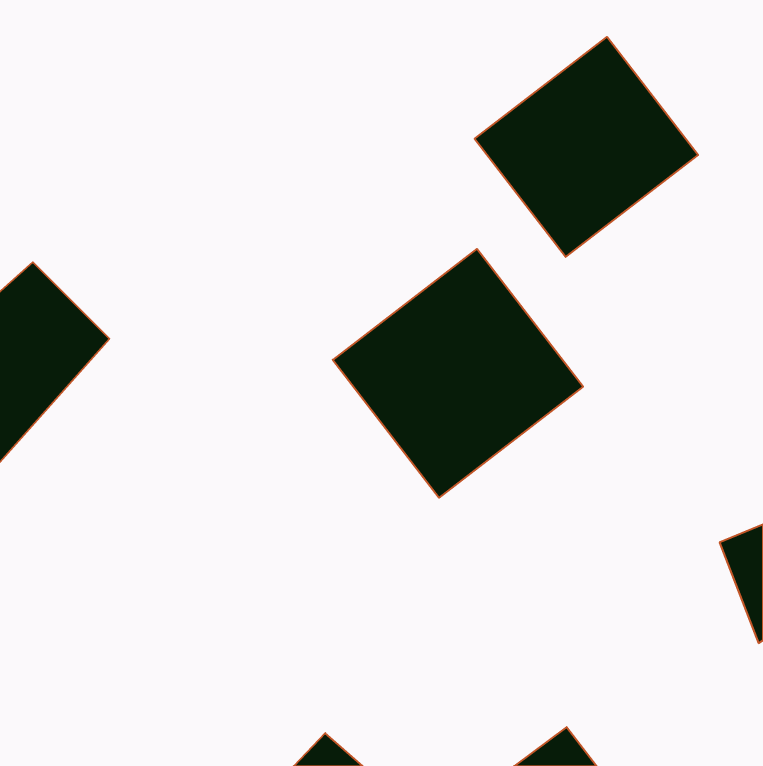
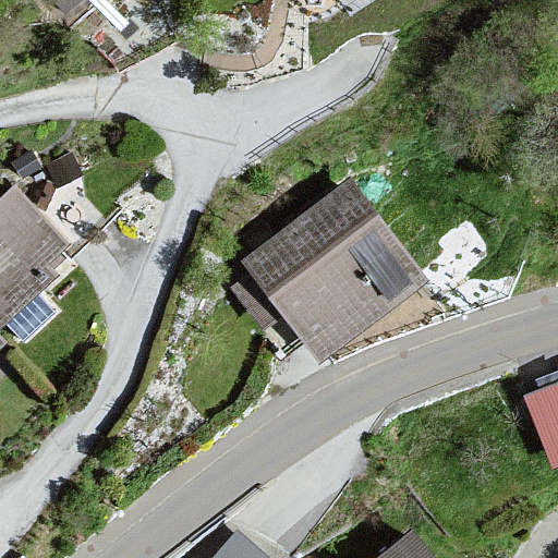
building: [475,37,698,257] -> none

